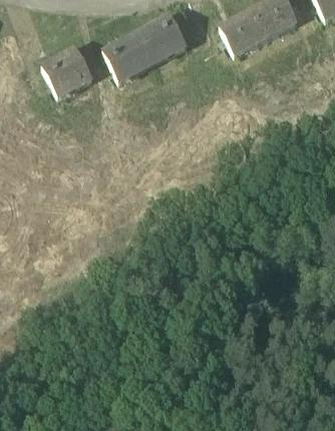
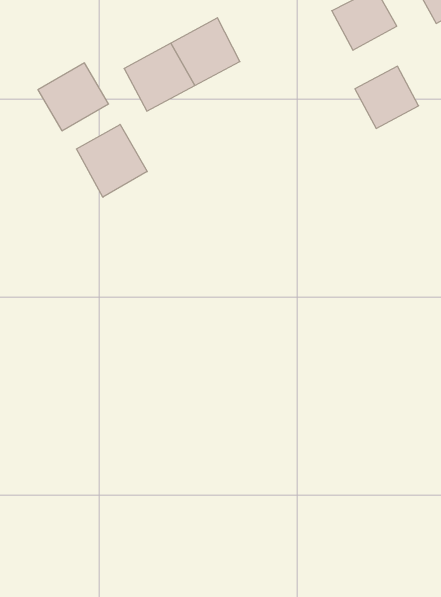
building: [221,10,266,54] -> [355,66,419,128]
building: none -> [76,124,147,197]

